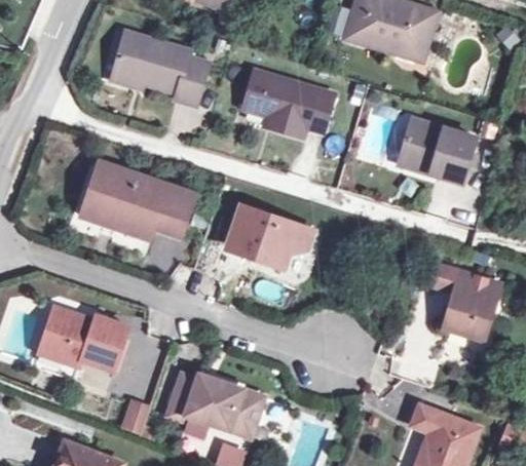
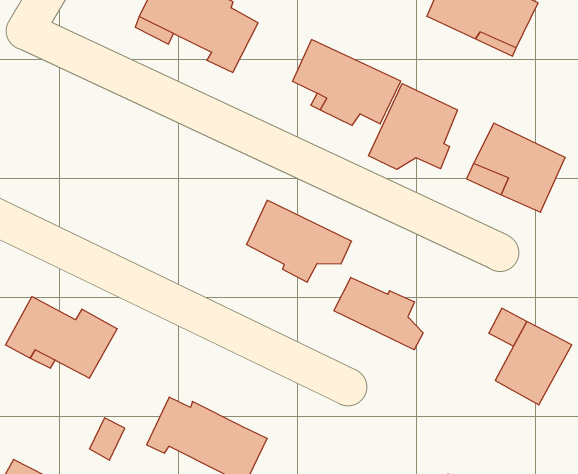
building: none -> [369,84,457,169]
building: [79,164,195,235] -> none
building: none -> [334,277,423,350]

